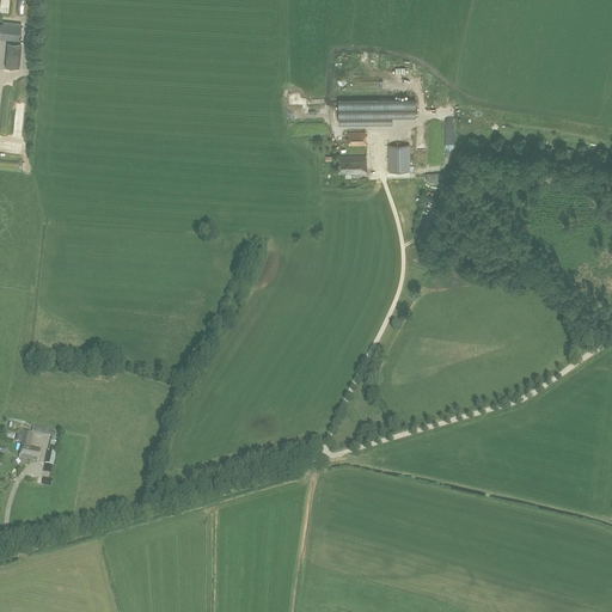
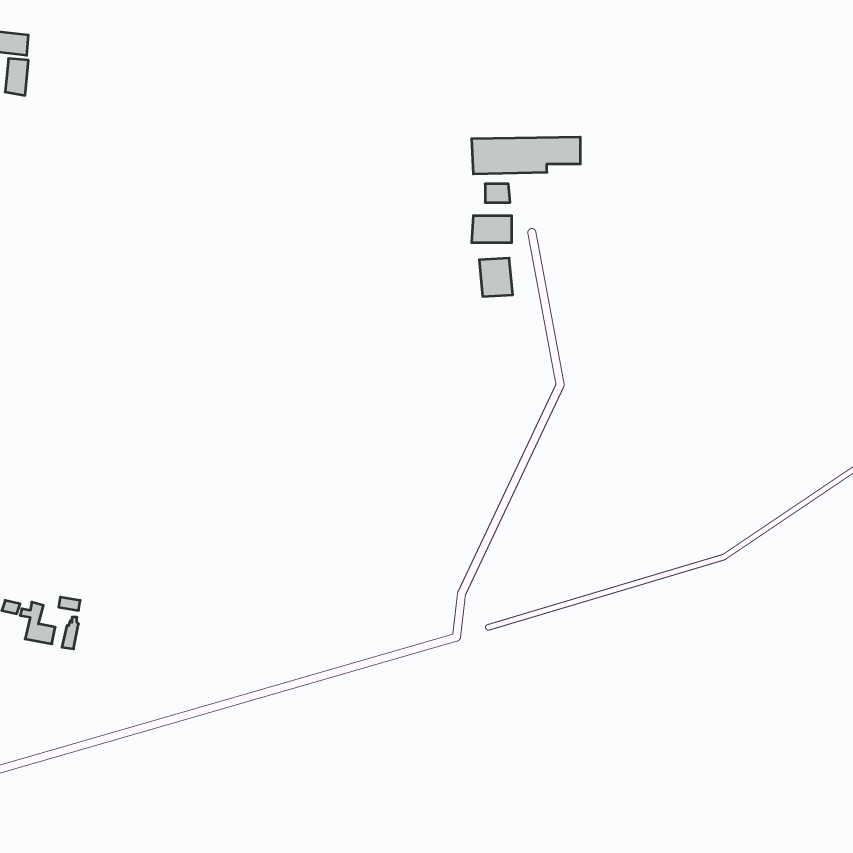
building: [386,143,410,171] -> [479,258,513,296]

